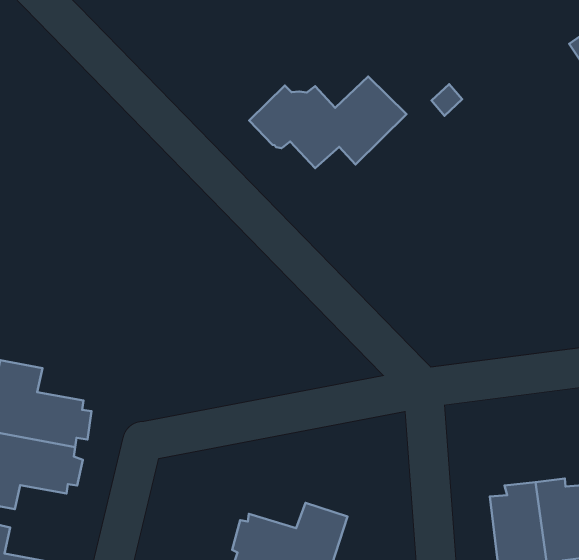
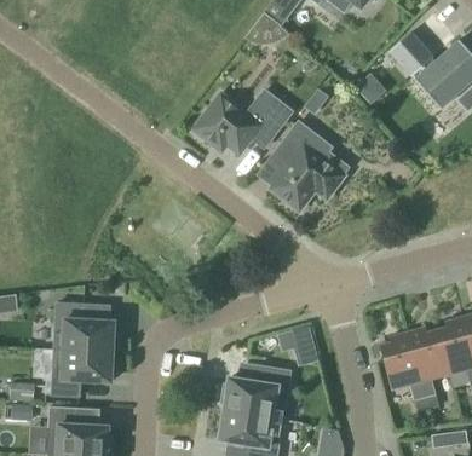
building: none -> [270,123,344,212]
building: none -> [276,324,317,365]

